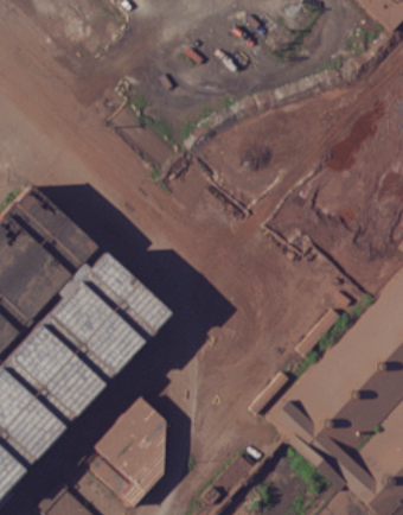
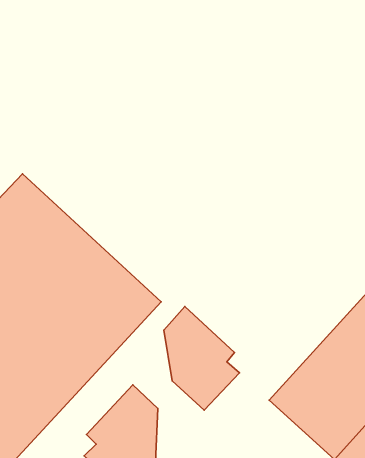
building: none -> [164,307,239,410]

